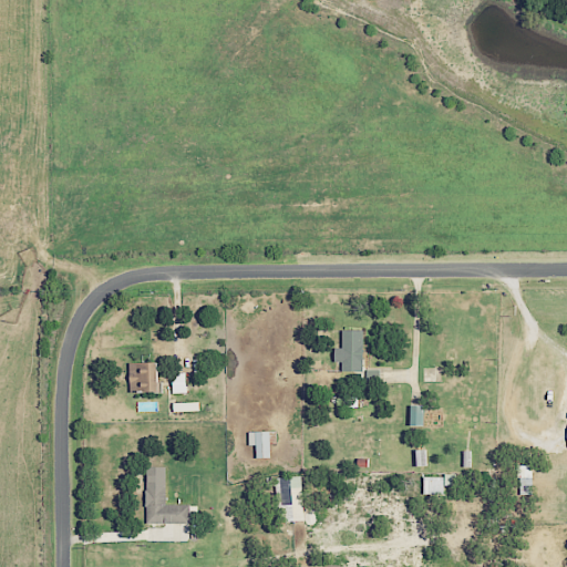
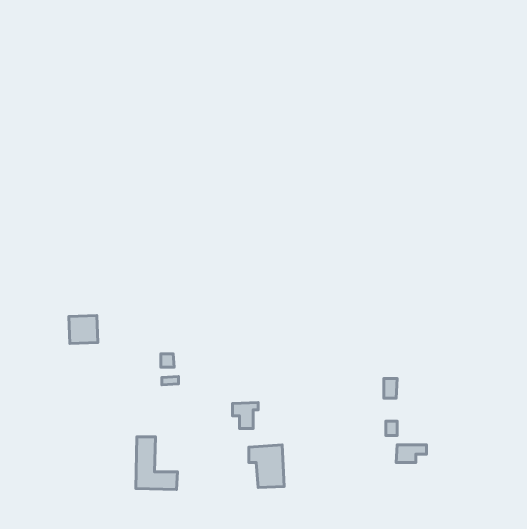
building: [333,330,362,372] -> none
building: [130,362,161,392] -> [69,316,98,344]

